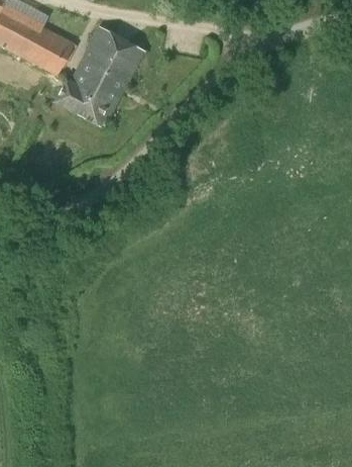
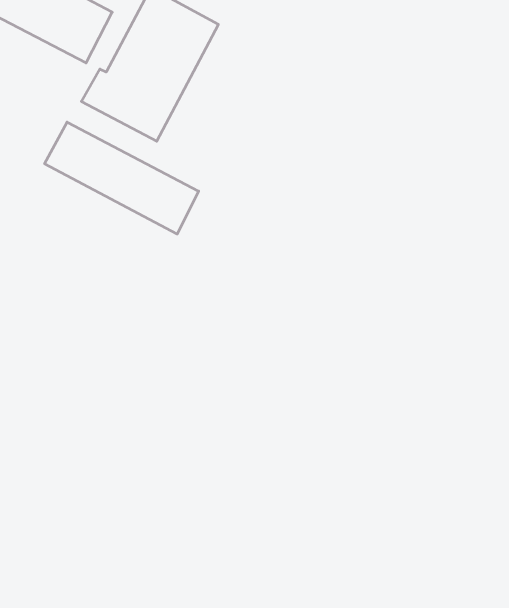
building: none -> [45,122,199,234]

